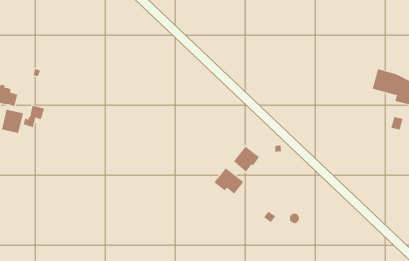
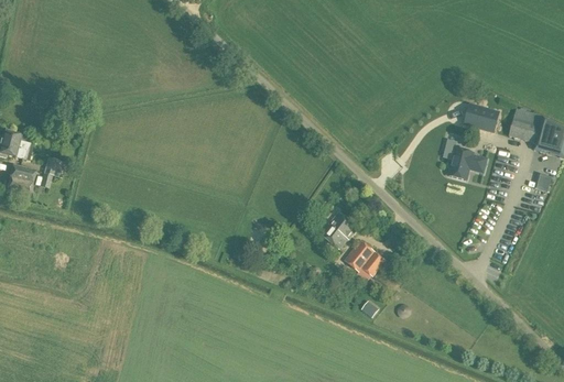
building: none -> [473,106,498,131]
building: none -> [447,148,486,179]
building: [213,168,244,194] -> [343,240,384,276]

